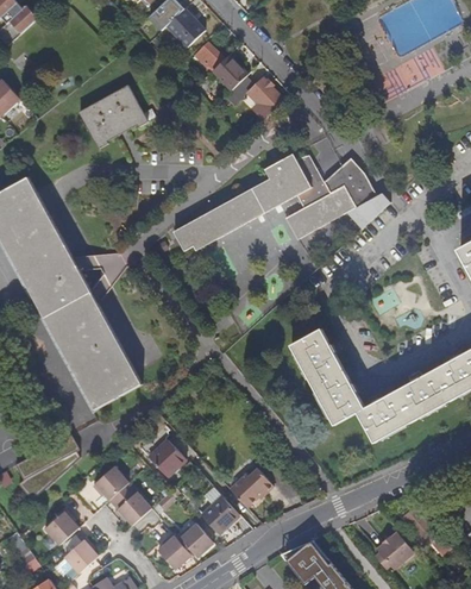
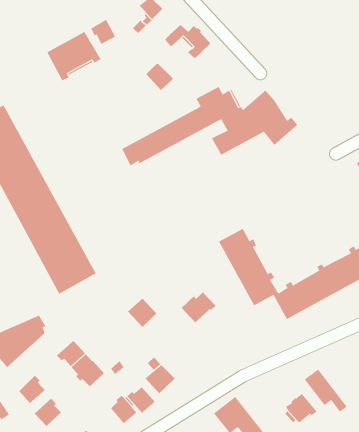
building: [211,56,245,90] -> [145,63,173,91]
building: none -> [90,19,116,45]
building: [146,440,183,477] -> [127,298,157,328]
building: [228,469,272,508] -> [181,291,216,323]

